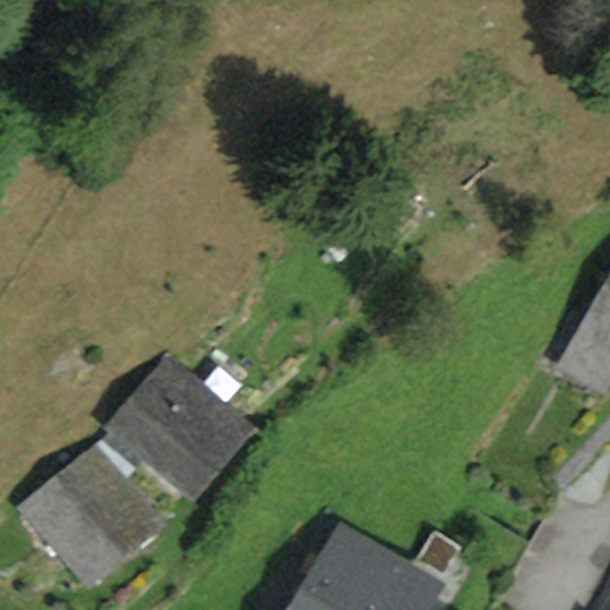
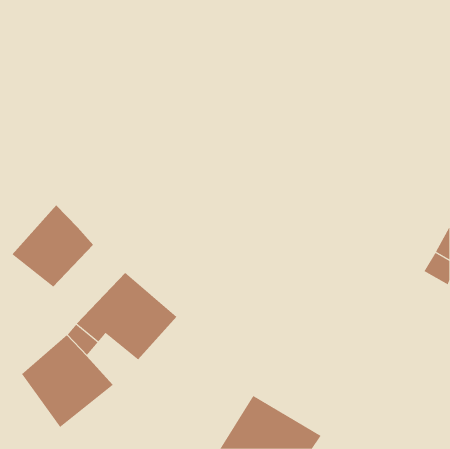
building: none -> [11,204,94,287]

